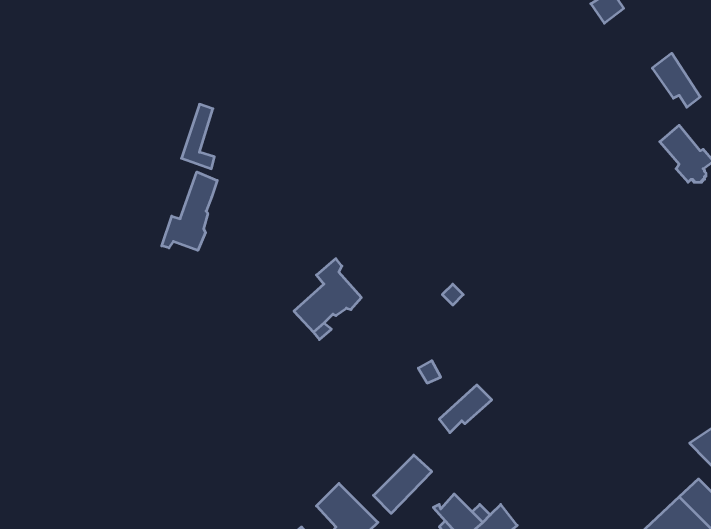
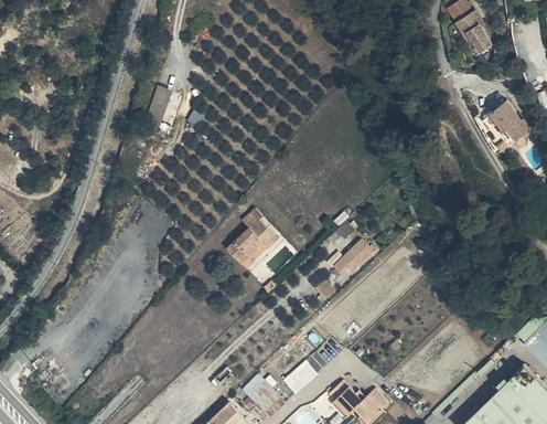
building: [652,53,700,107] -> [455,20,491,60]
building: [162,172,217,250] -> none
building: [439,385,492,433] -> [334,240,373,275]

